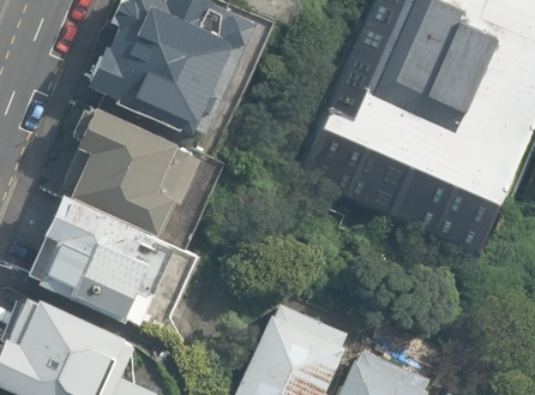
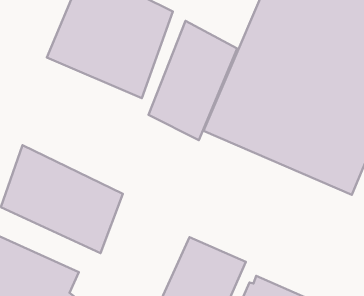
building: none -> [148,21,237,140]
building: [64,102,202,234] -> none

